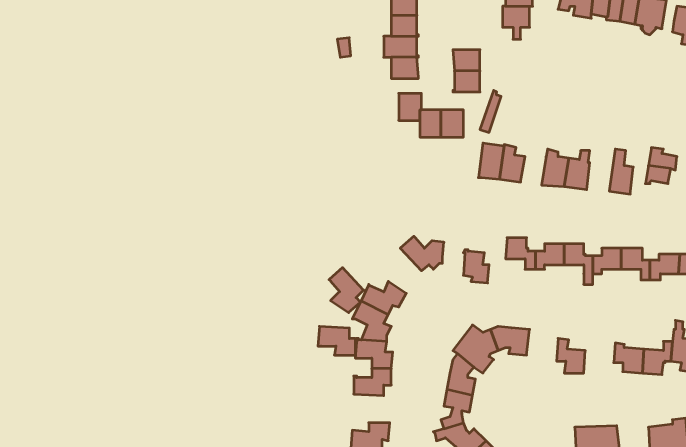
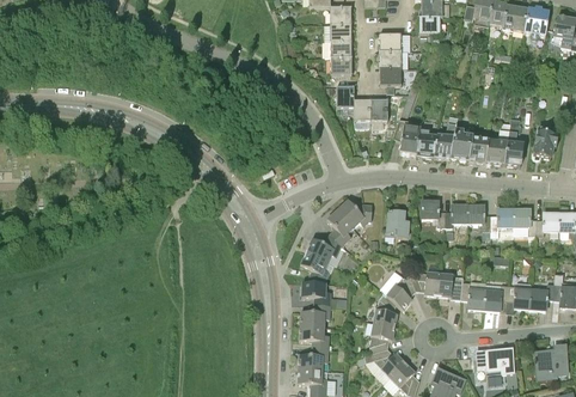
building: none -> [379,32,410,50]
building: none -> [433,115,456,158]
building: none -> [485,121,509,163]
building: [329,268,364,313] -> [326,208,354,244]
building: [318,326,355,355] -> [299,324,329,347]
building: none -> [437,273,462,298]
building: none -> [483,282,508,310]

